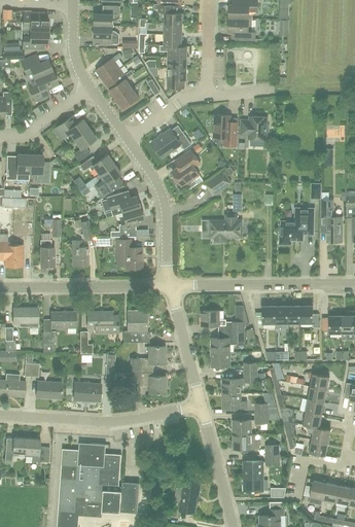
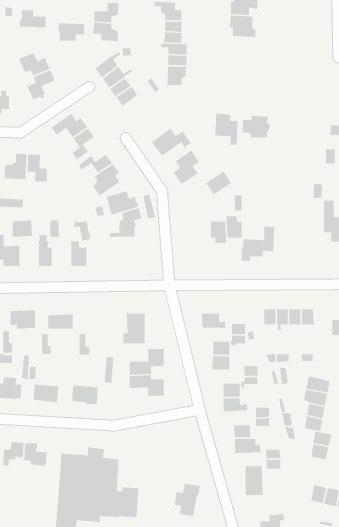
building: [22,29,48,47] -> [58,23,85,41]
building: [280,207,314,242] -> [241,226,275,261]
building: [117,238,142,267] -> none
building: [87,310,117,331] -> none

